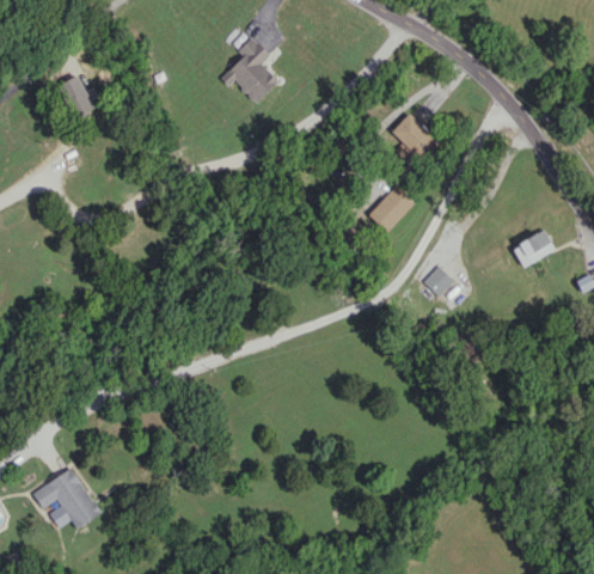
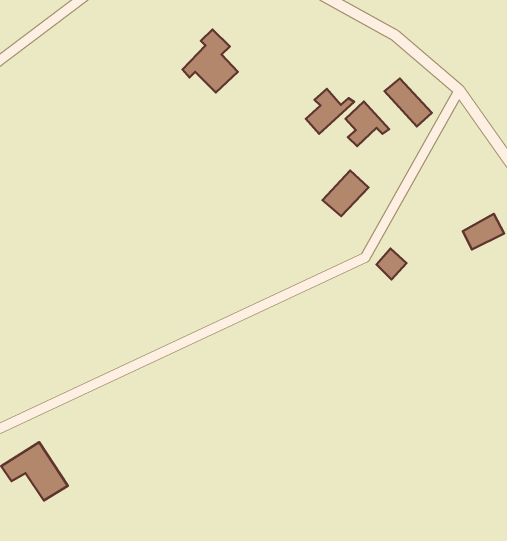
building: [63,75,92,115] -> none
building: none -> [385,79,432,127]
building: none -> [306,89,354,134]

